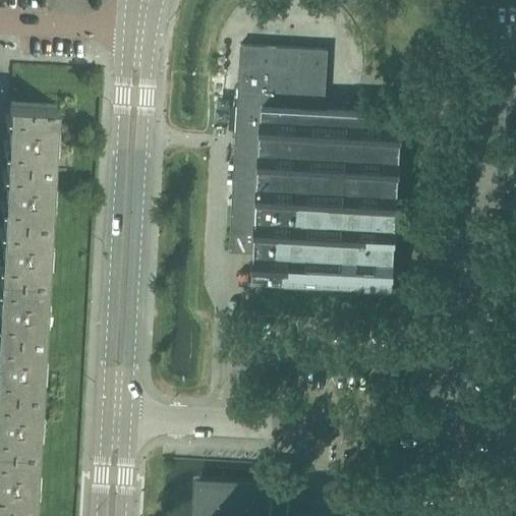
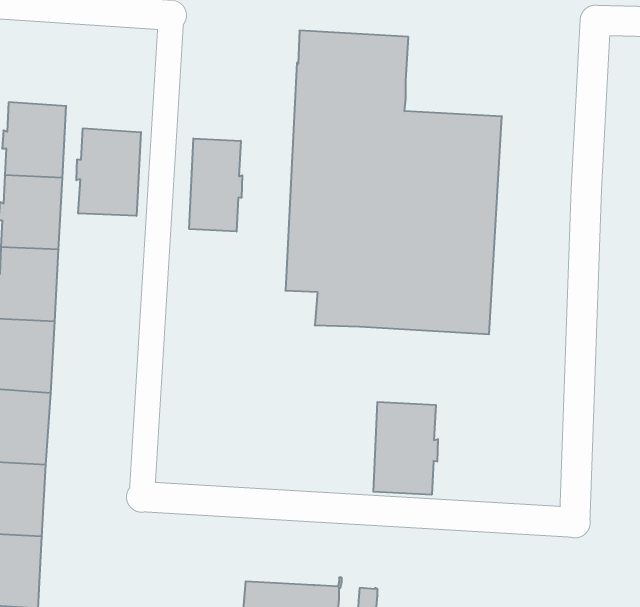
building: none -> [76,128,141,216]
building: none -> [189,138,242,232]
building: none -> [373,402,438,495]

